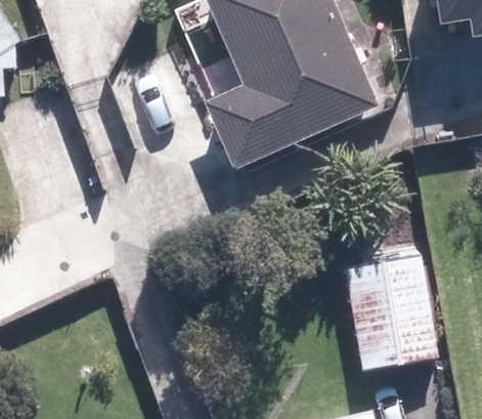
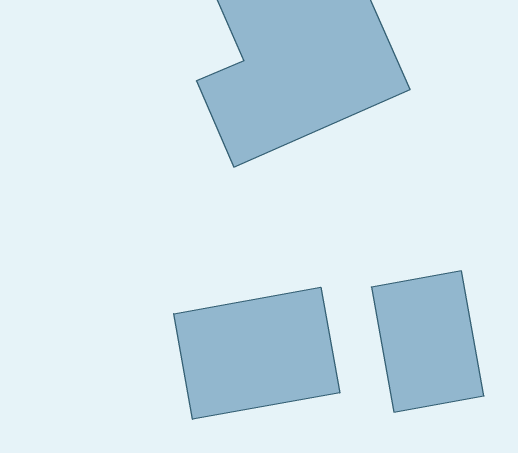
building: none -> [174,287,340,419]

